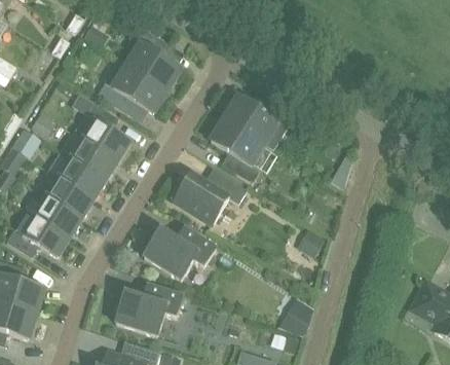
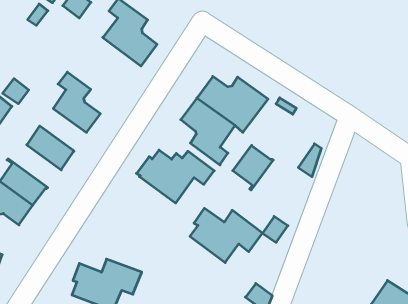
building: [96,60,166,113] -> none
building: [70,139,117,179] -> none
building: none -> [233,145,273,190]
building: [41,170,95,218] -> none
building: [143,227,215,280] -> [190,208,263,263]

